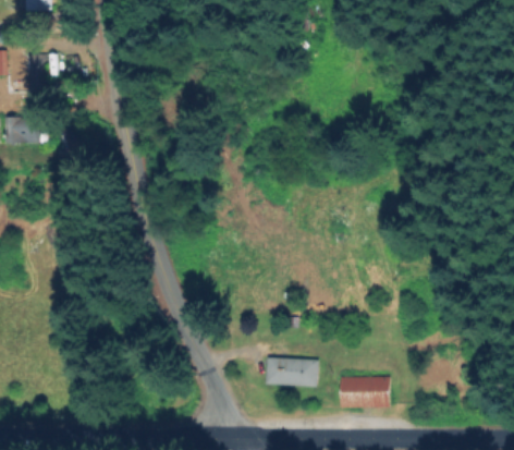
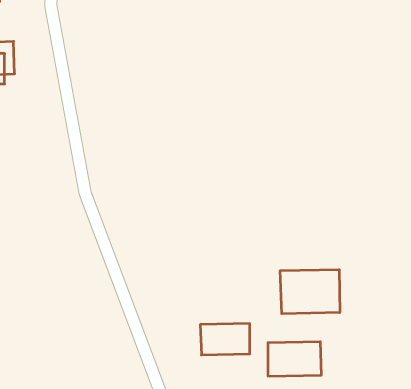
building: none -> [280,270,340,314]

